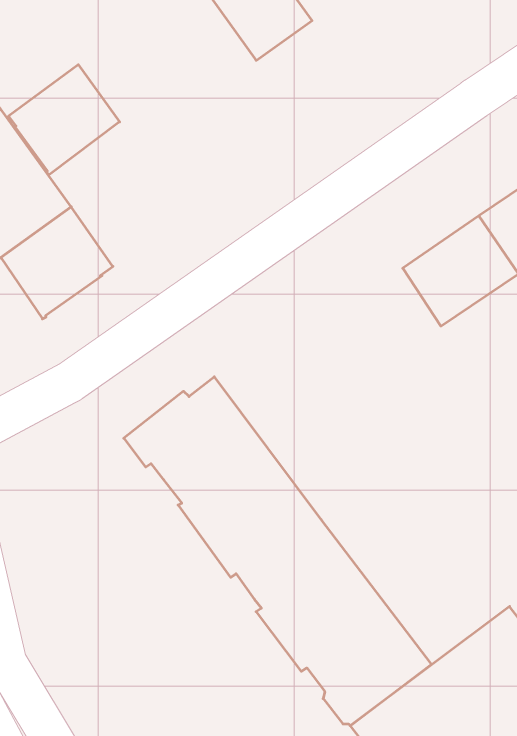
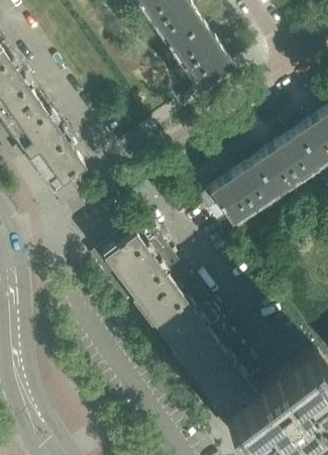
building: none -> [172,26,234,91]
building: [9,65,120,175] -> none
building: none -> [201,164,275,227]

